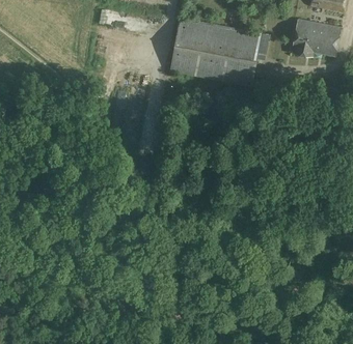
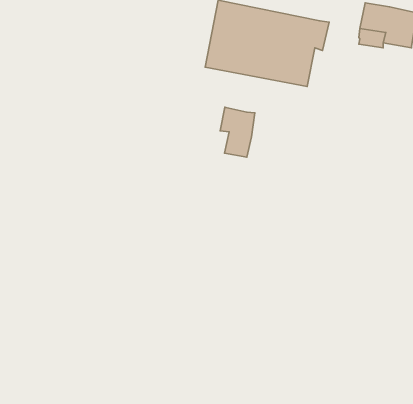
building: none -> [220,107,255,157]

